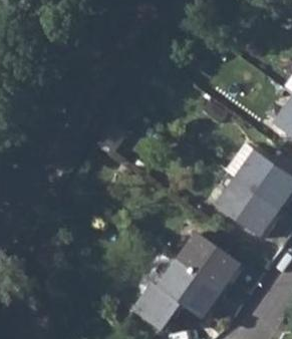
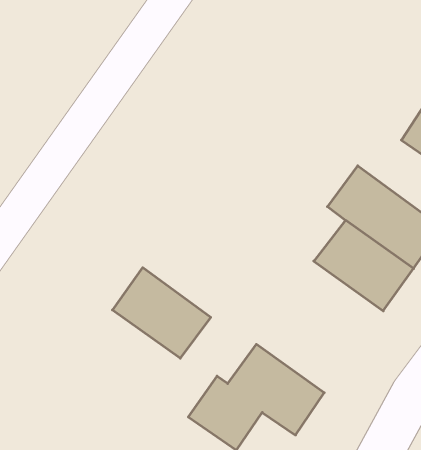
building: [177,232,242,292] -> [112,268,211,358]

